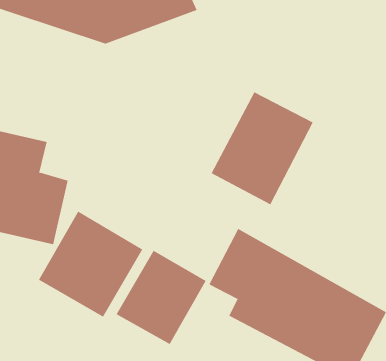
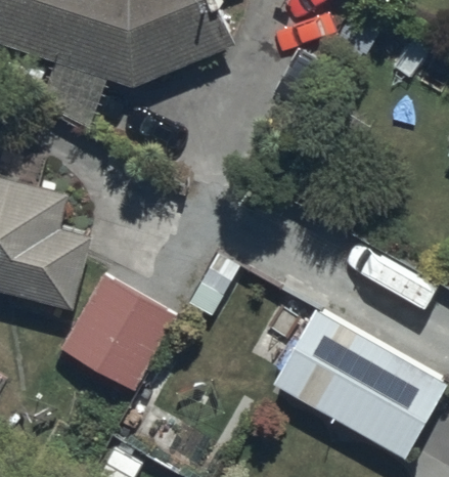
building: [211,91,313,205] -> none
building: [116,250,207,345] -> none

